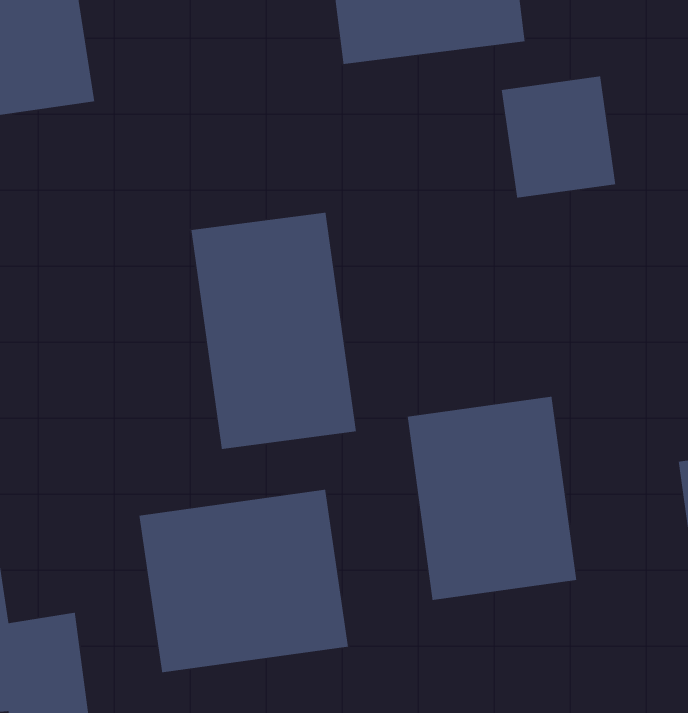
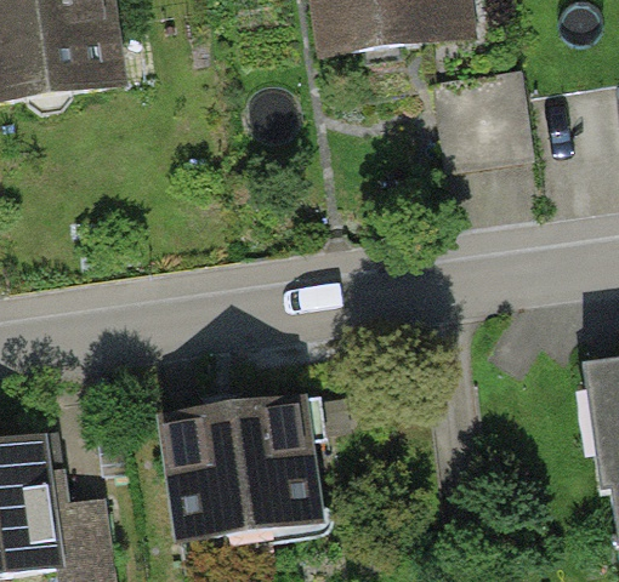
building: [191,212,357,450] -> none
building: [407,396,577,601] -> none

